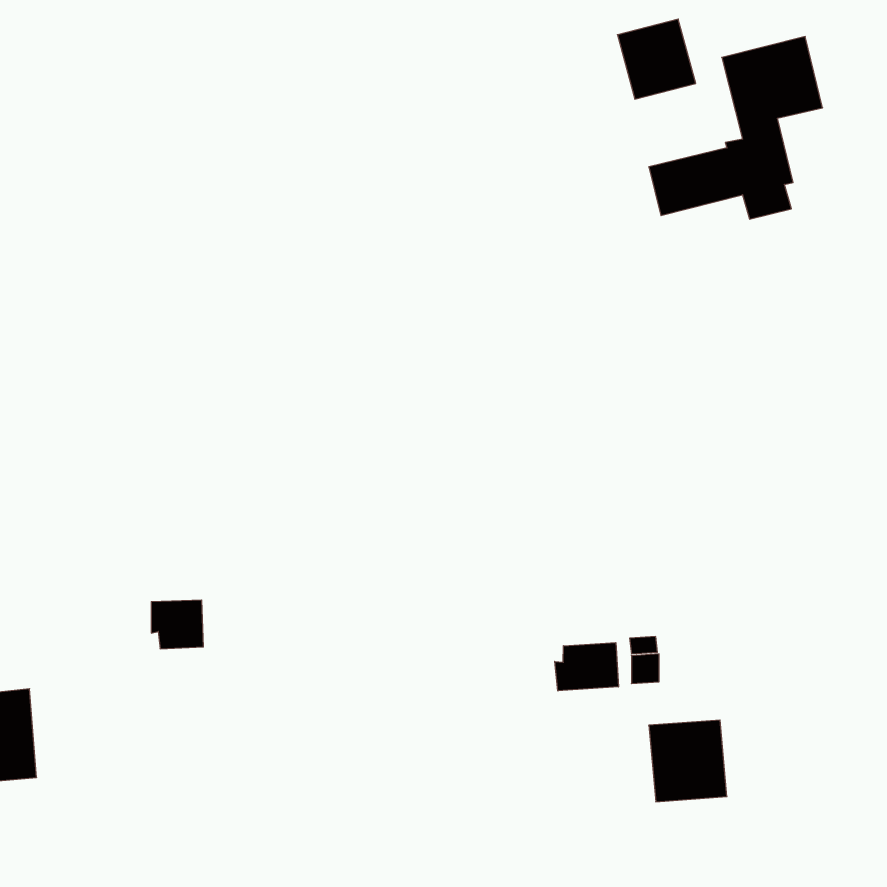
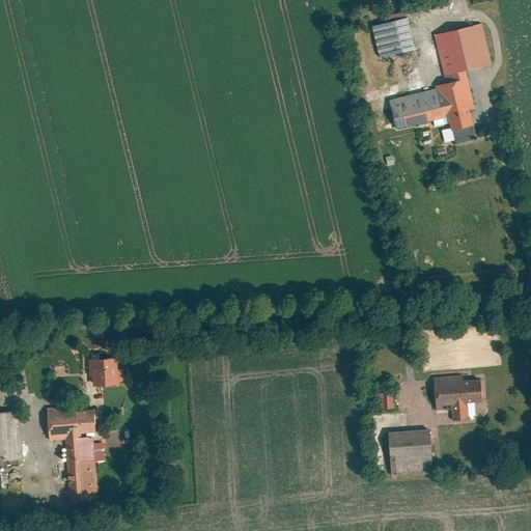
building: none -> [432,375,482,421]
building: [555,643,618,691] -> none
building: none -> [48,406,105,501]

